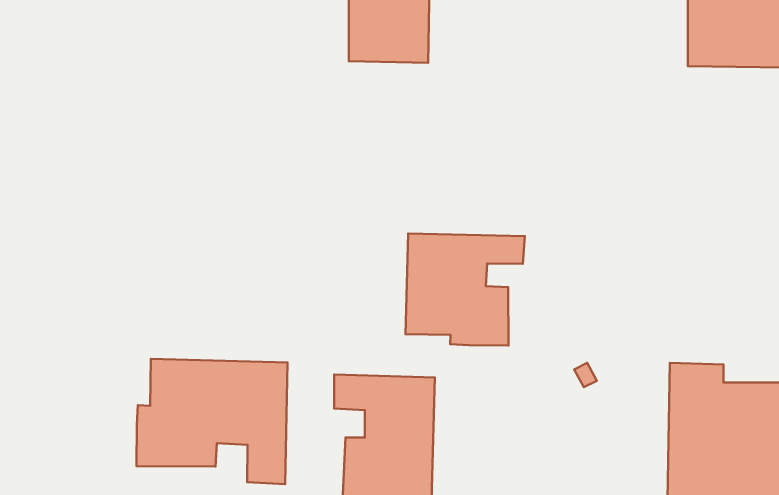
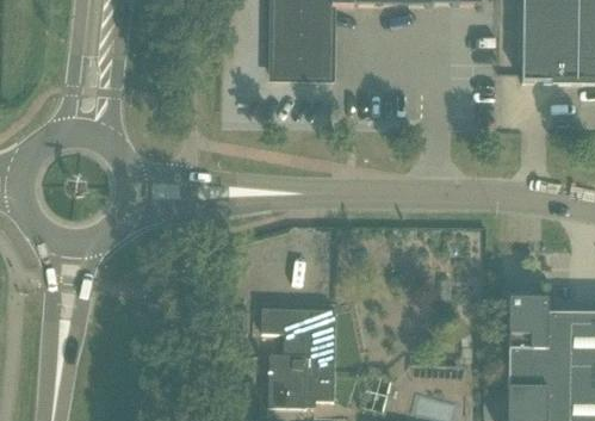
building: [405,234,525,346] -> none
building: [136,359,288,484] -> none

